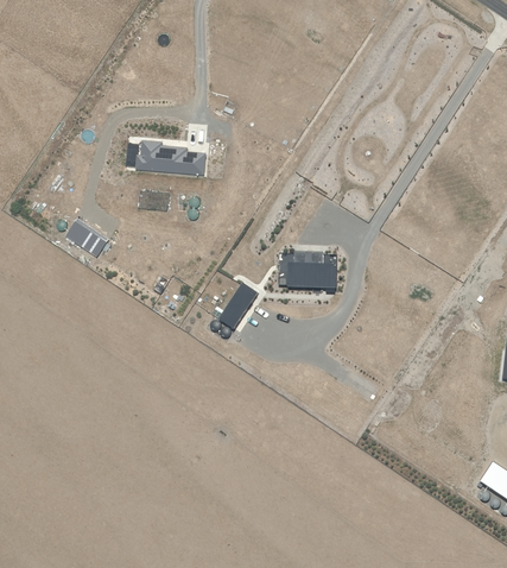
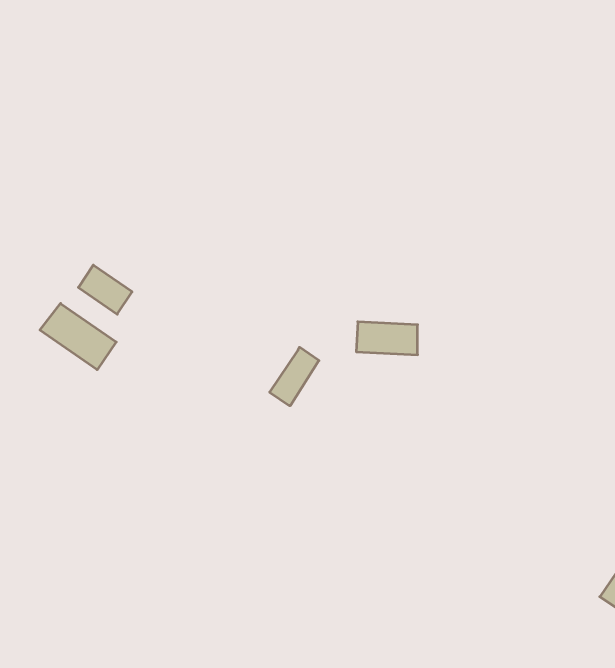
building: [134,139,205,175] -> none
building: none -> [40,303,116,370]

